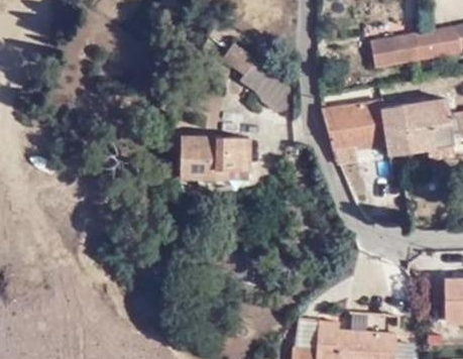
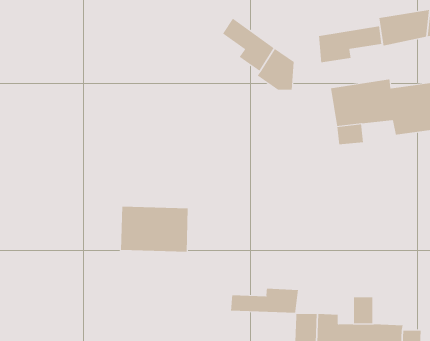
building: none -> [318,26,382,63]
building: [183,132,248,176] -> [120,206,189,252]
building: none -> [230,288,299,313]

